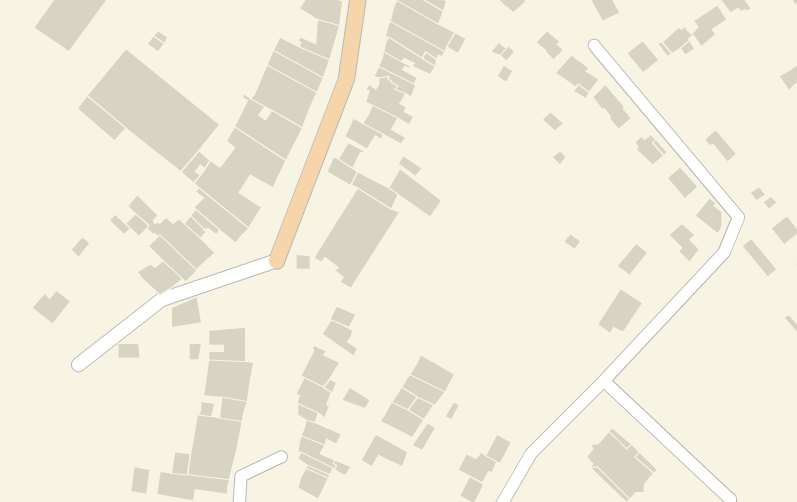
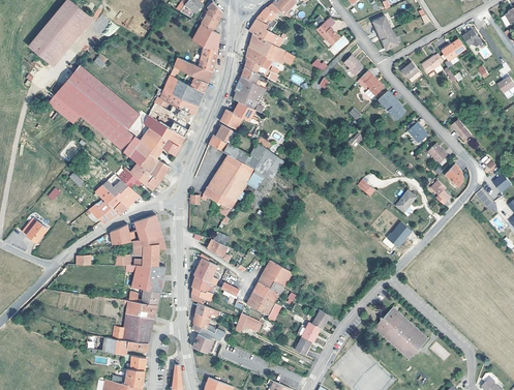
building: none -> [132,215,164,246]

